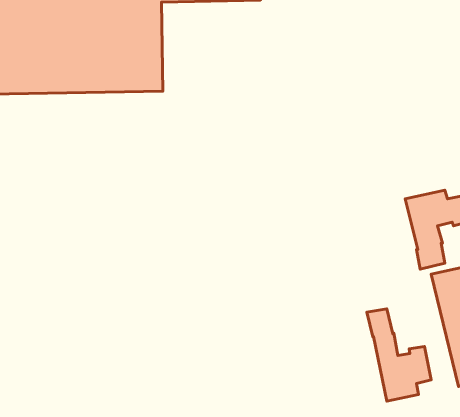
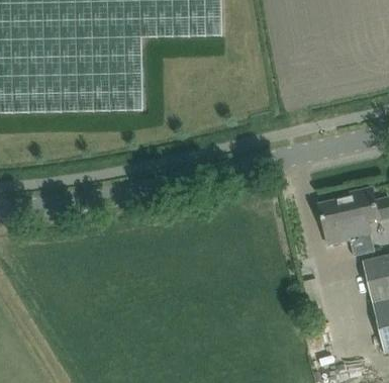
building: none -> [318,198,351,245]
building: [367,309,431,401] -> none

